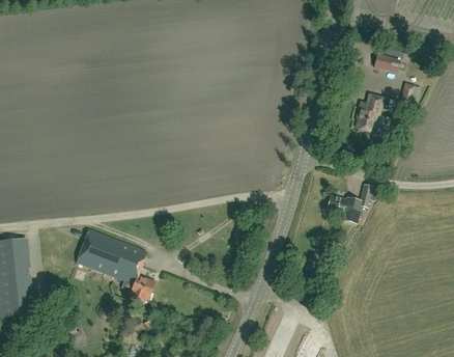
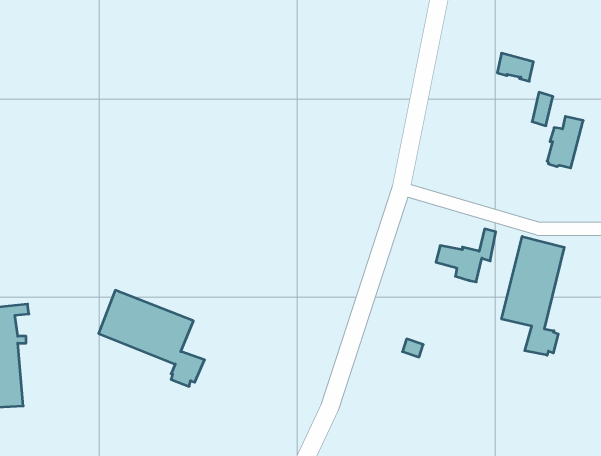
building: [357,94,384,133] -> [547,116,583,168]
building: none -> [502,236,564,355]

